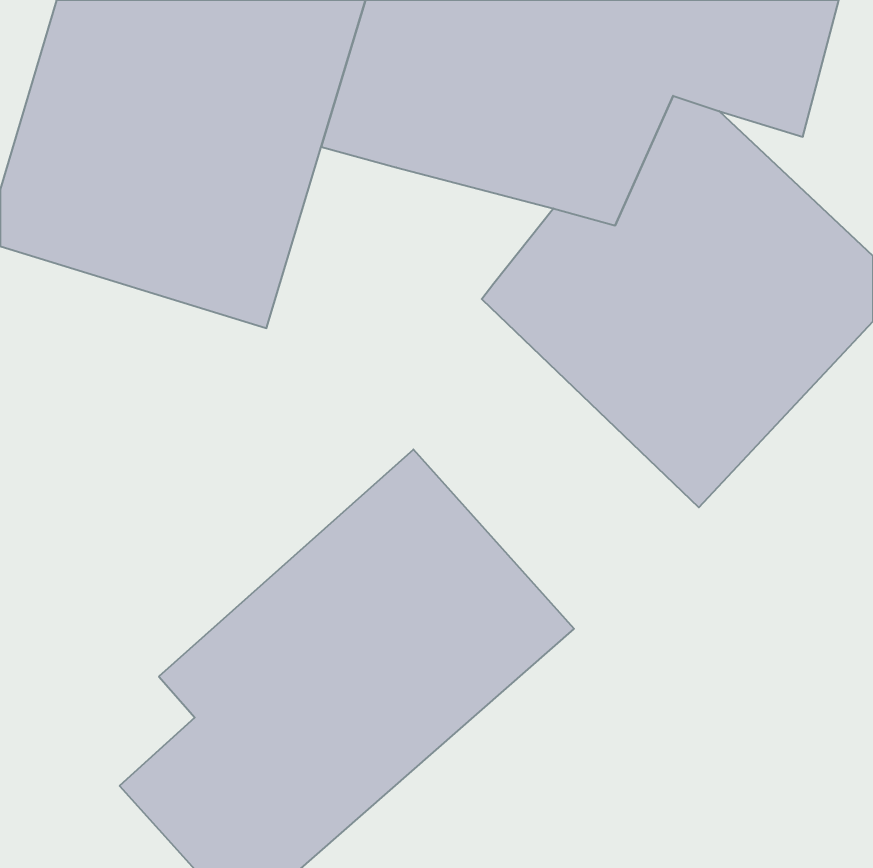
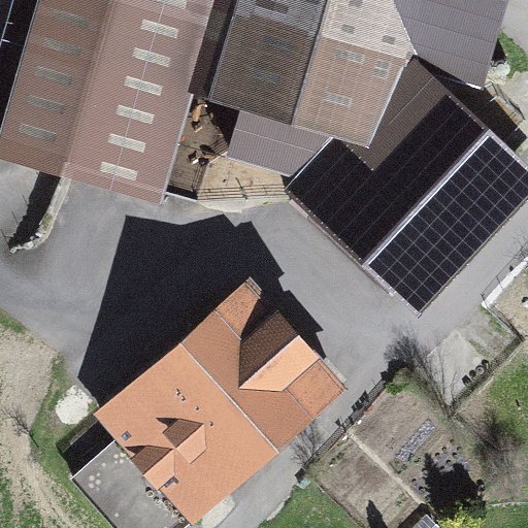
building: none -> [226,104,334,174]

